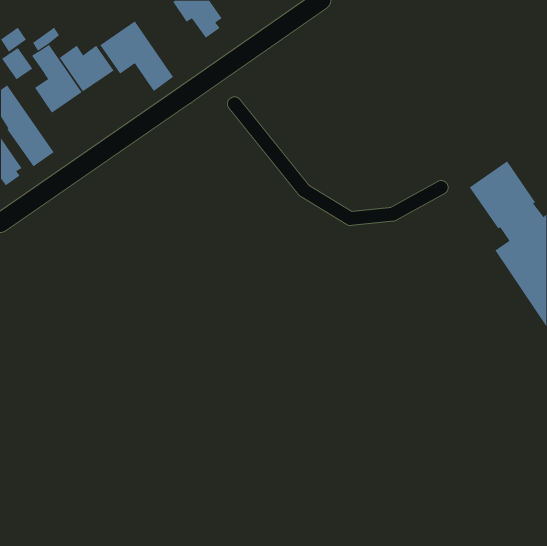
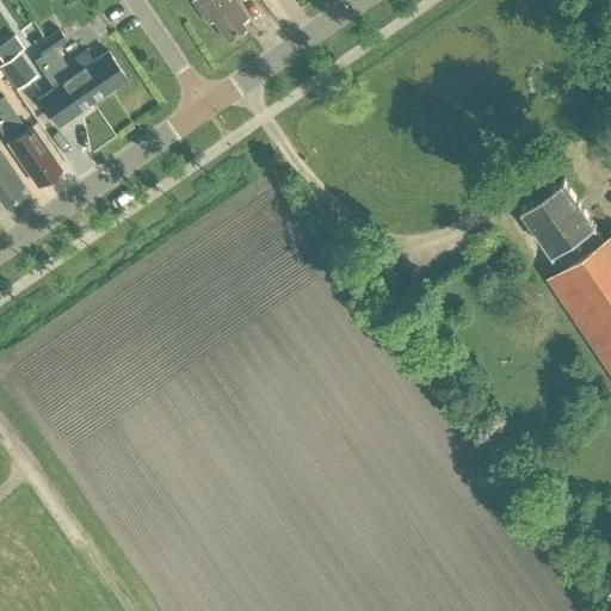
building: [99,21,174,92] -> none

